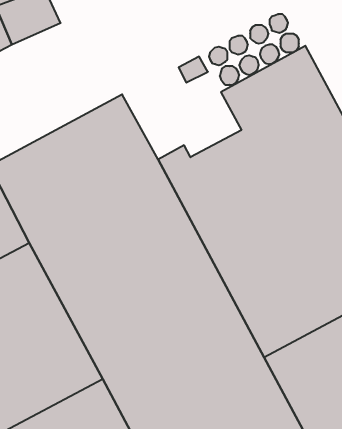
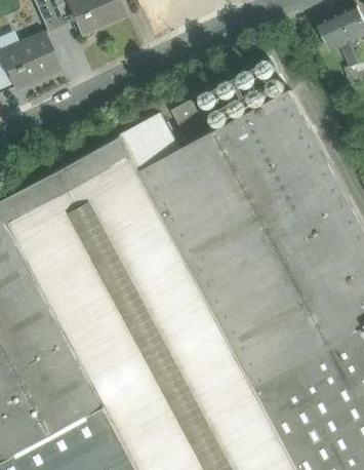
building: none -> [118,114,231,199]

